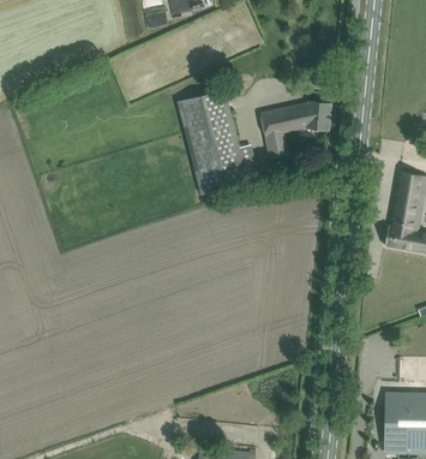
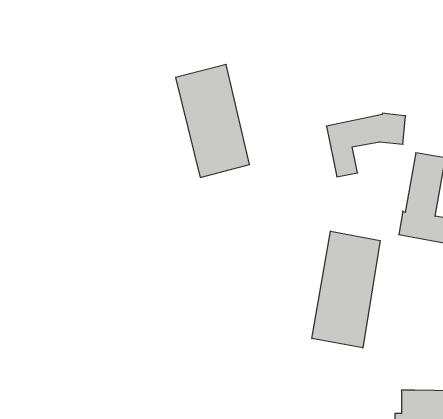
building: [257,101,330,160] -> [326,113,406,177]
building: none -> [312,231,380,348]

